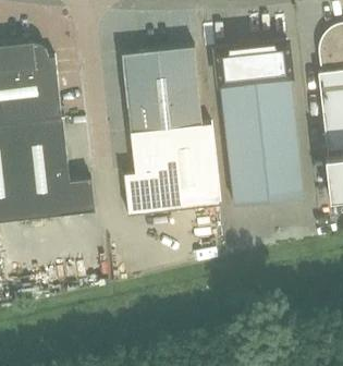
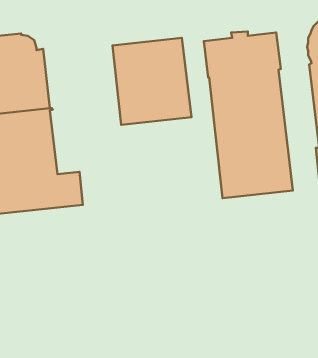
building: [123,124,220,215] -> none

